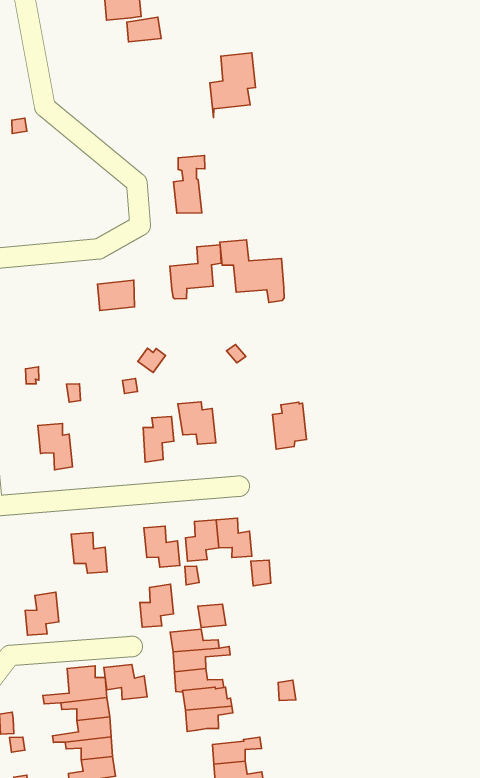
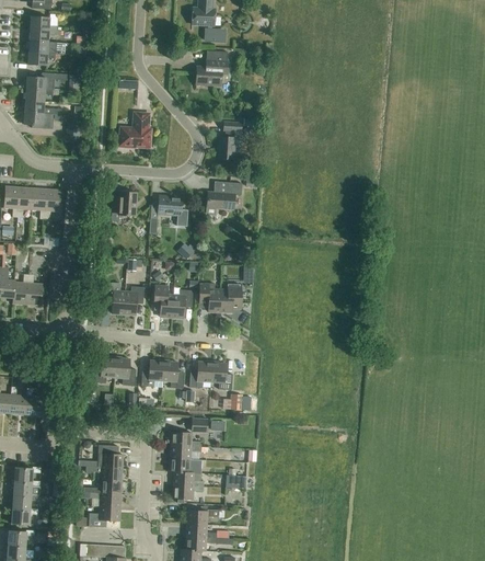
building: [210,53,256,117] -> [196,50,228,90]
building: none -> [119,113,151,147]
building: [220,240,284,303] -> none
building: none -> [112,192,137,221]
building: [272,402,306,449] -> [220,284,242,312]
building: none -> [154,285,174,318]
building: none -> [124,286,145,314]
building: [140,584,173,627] -> [141,360,164,387]
building: [25,592,59,635] -> [93,357,116,383]
building: [104,664,147,700] -> none

